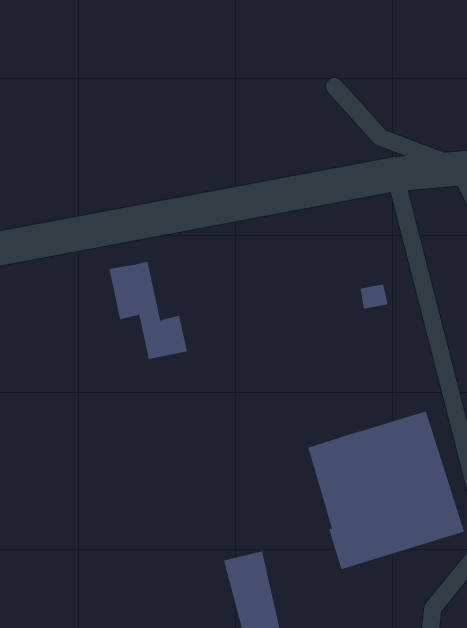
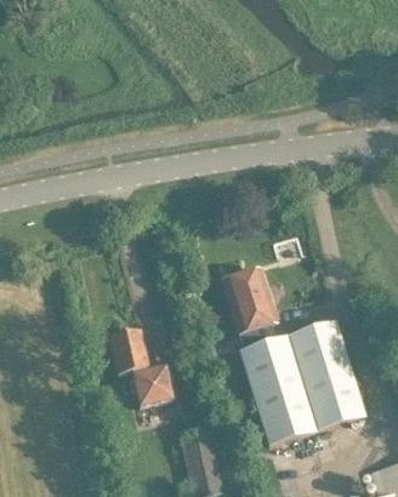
building: [108,261,188,360] -> [109,333,170,409]
building: none -> [222,267,275,336]

